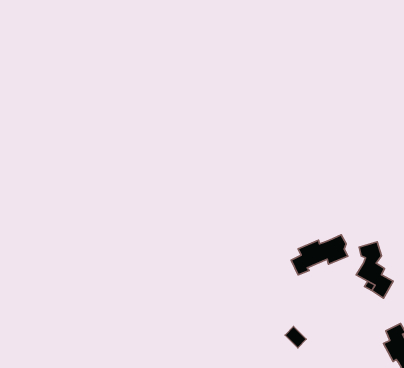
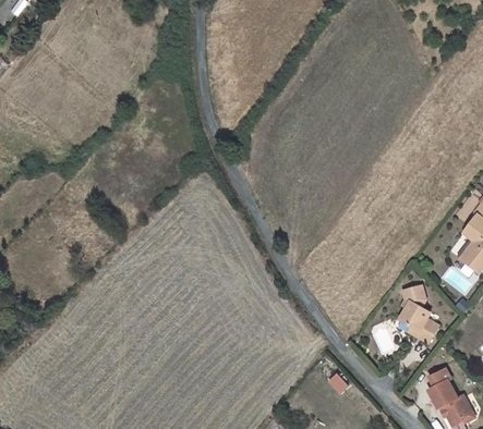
building: [291,235,348,275] -> none

